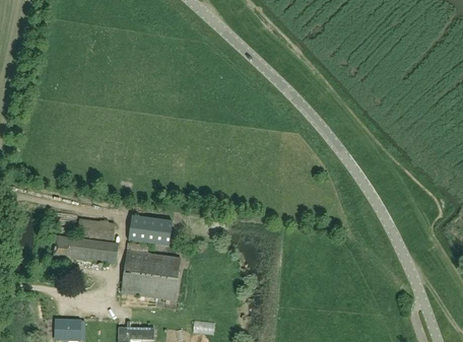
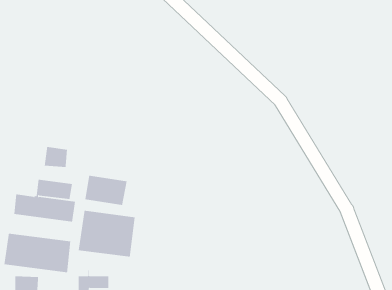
building: none -> [44,146,68,168]
building: none -> [4,233,71,273]

